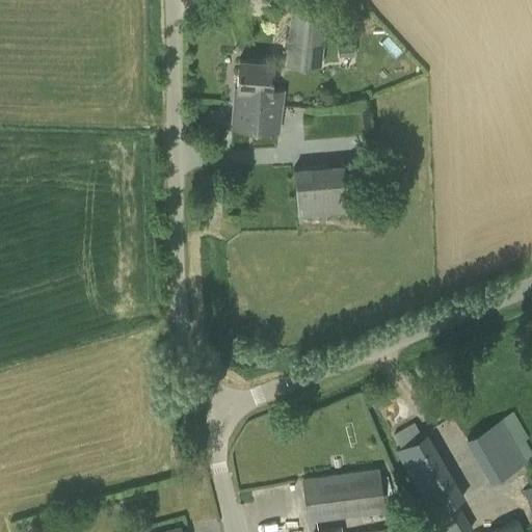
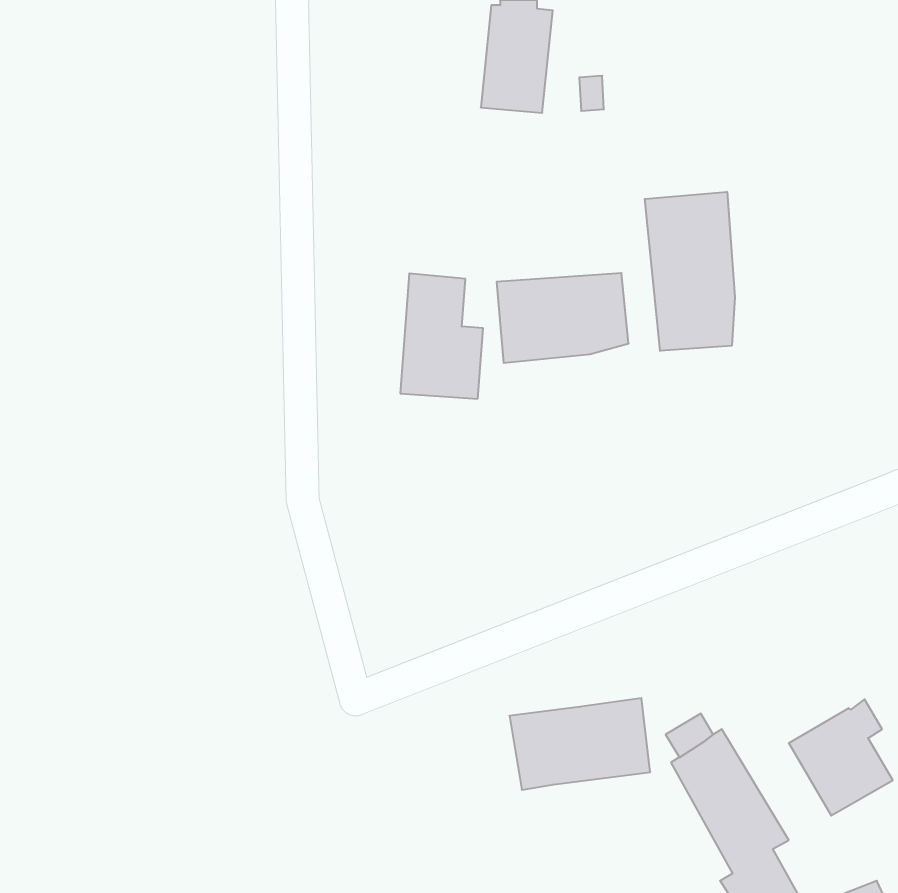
building: [235,62,284,136] -> [400,274,483,399]
building: none -> [645,192,735,351]
building: [302,471,385,525] -> [509,698,650,790]

